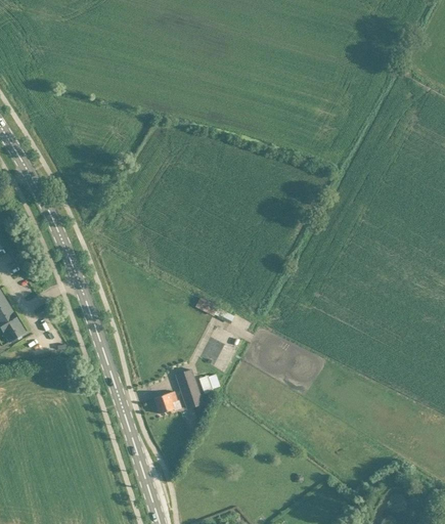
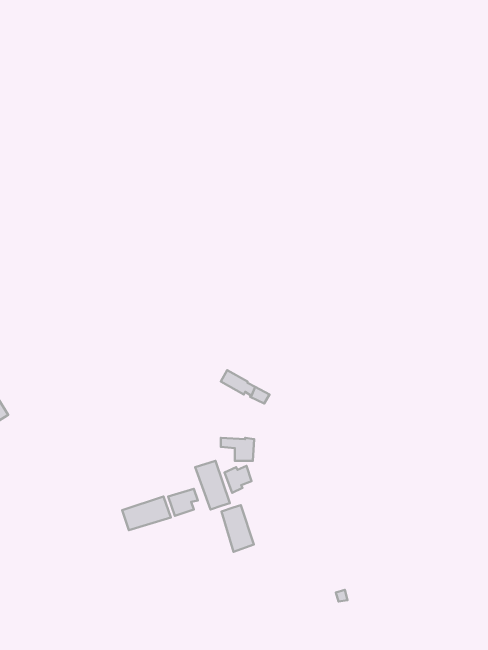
building: none -> [122,497,171,530]
building: none -> [222,505,254,552]

